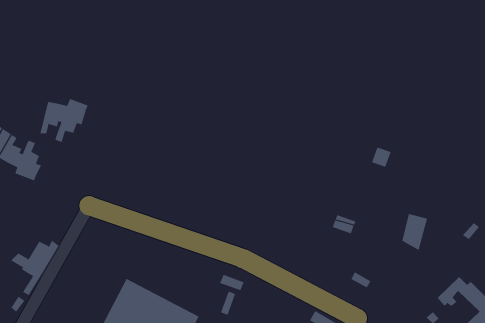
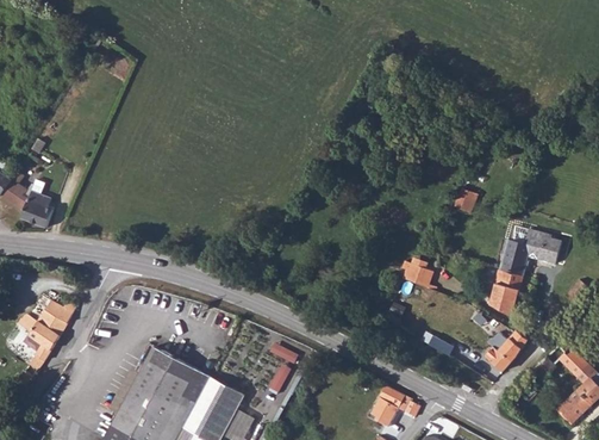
building: [40,98,89,143] -> none
building: none -> [498,228,560,274]
building: none -> [483,334,525,372]

